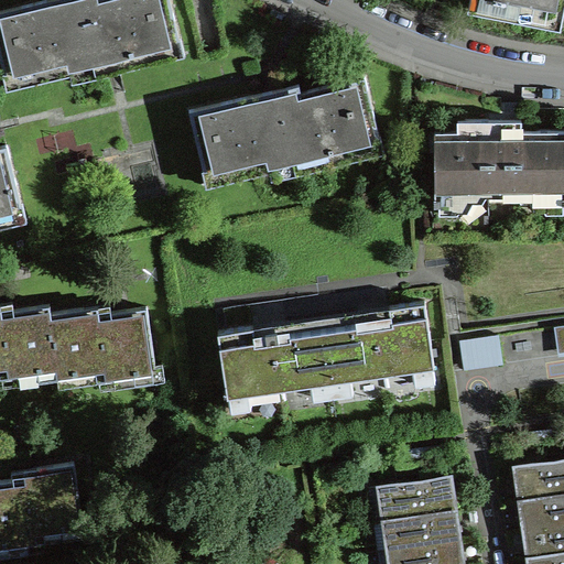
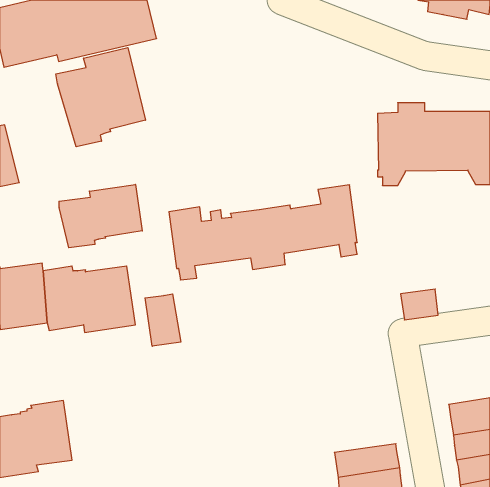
building: none -> [56,48,145,147]
building: [188,79,380,178] -> none
building: none -> [59,184,142,248]
building: [217,303,433,412] -> [169,185,357,280]
building: none -> [145,294,181,346]
building: [378,478,454,523] -> none

